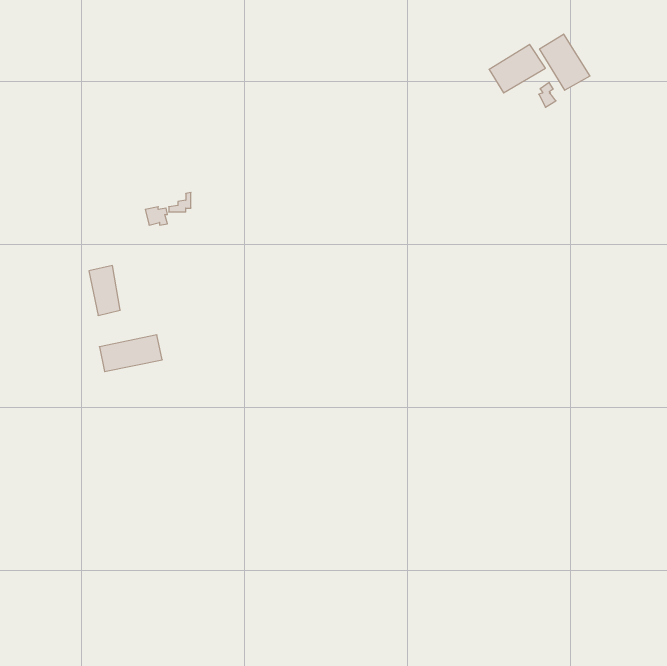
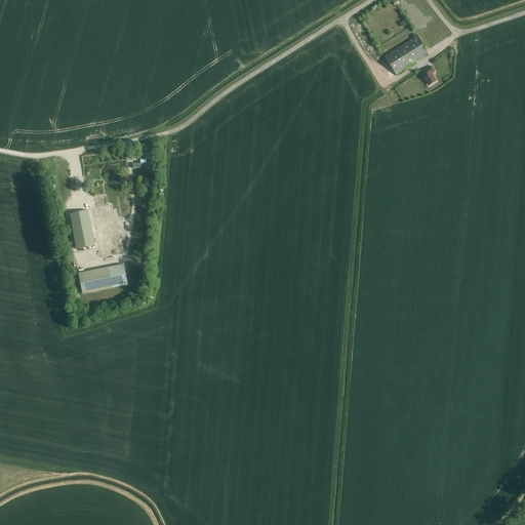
building: [540,34,590,90] -> none

